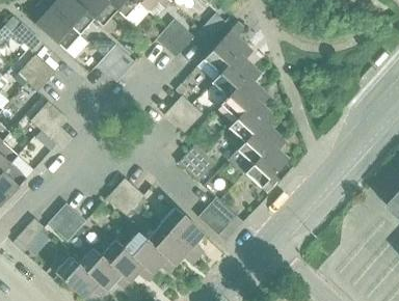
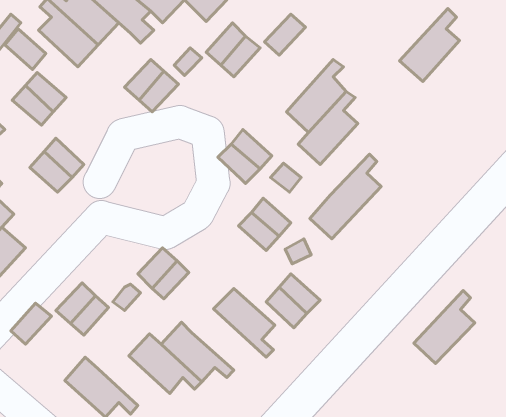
building: [203,23,245,75] -> [400,8,459,81]
building: [229,91,271,142] -> none
building: [244,136,288,188] -> [414,291,475,364]
building: [144,223,197,267] -> none
building: [78,249,129,292] -> none

